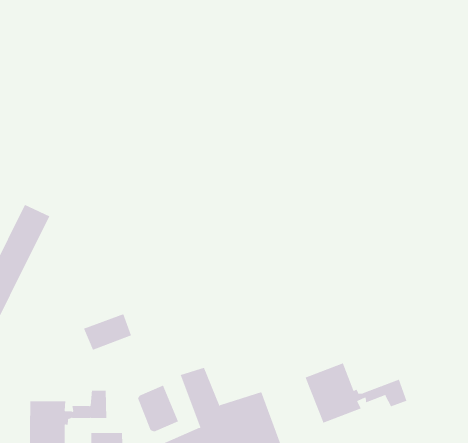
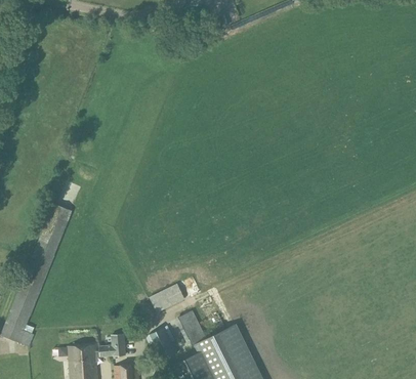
building: [83,314,132,351] -> [150,283,185,311]
building: [305,363,407,423] -> none

